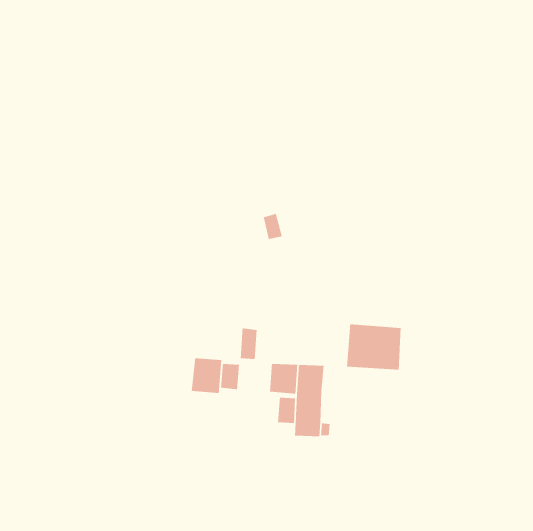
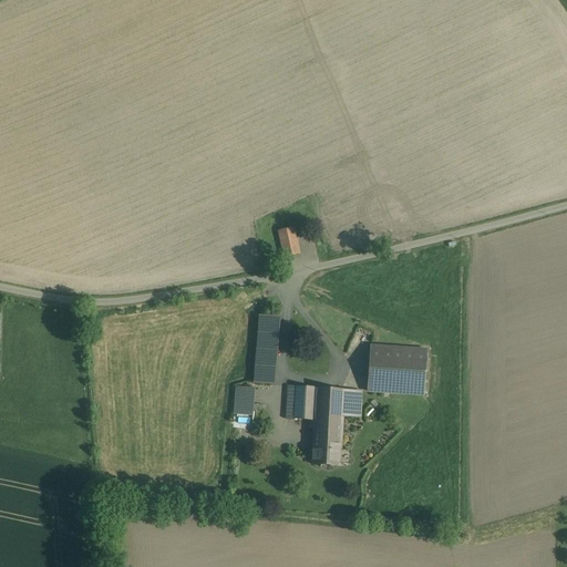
building: none -> [257,315,277,350]
building: [191,357,222,394] -> none
building: [277,397,296,424] -> [342,388,362,416]

